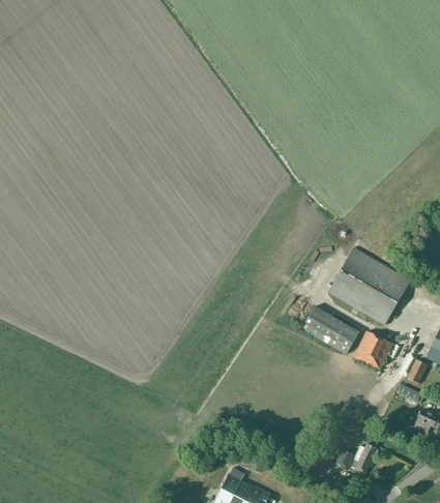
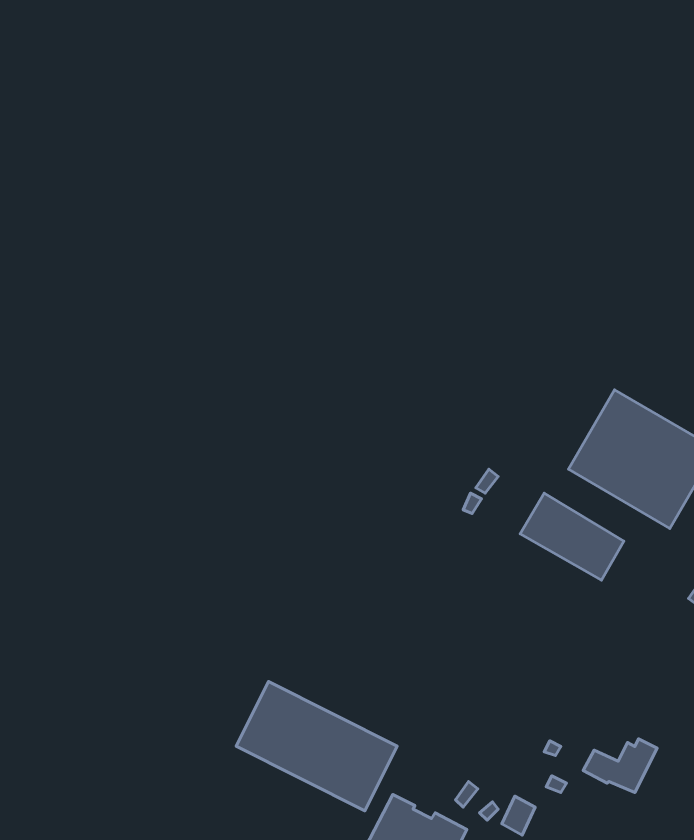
building: [354,330,392,369] -> none
building: none -> [236,682,397,811]

